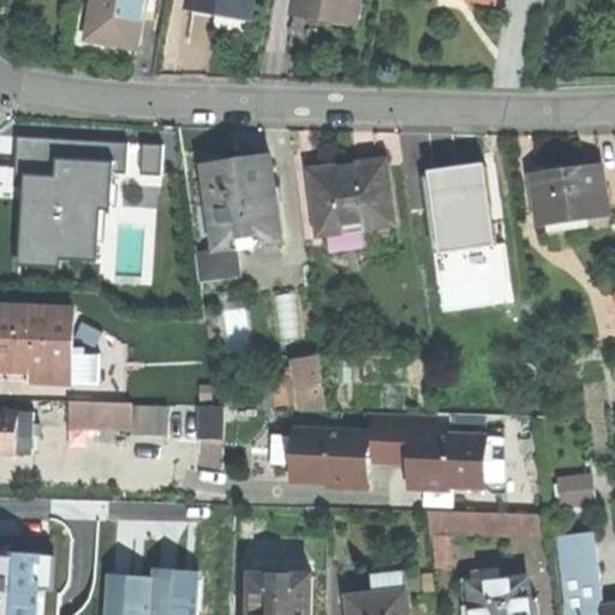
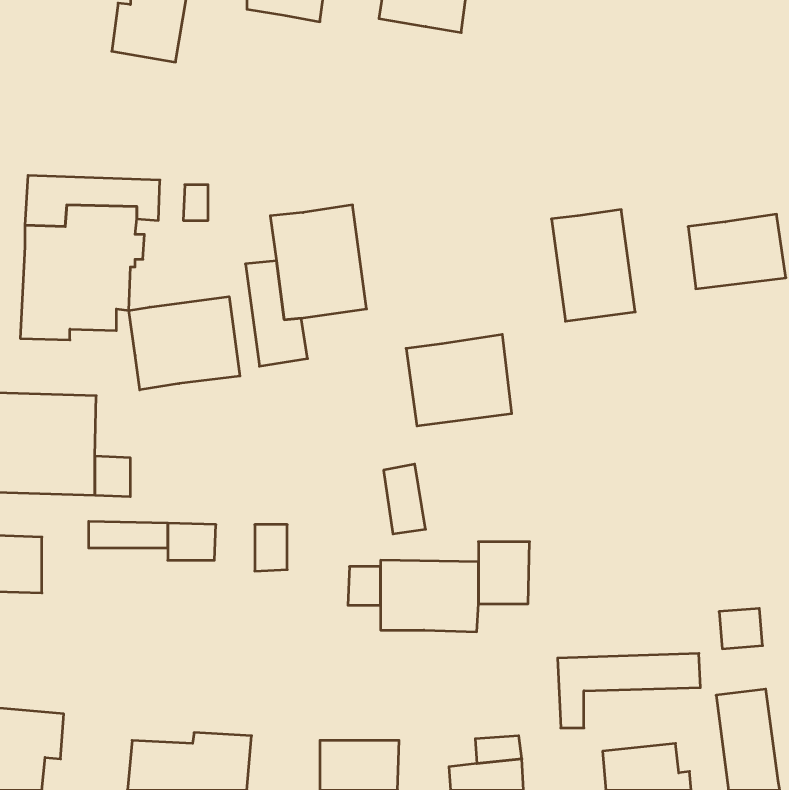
building: [312,163,394,234] -> [406,334,512,426]
building: none -> [129,297,240,390]
building: [408,419,486,489] -> none

